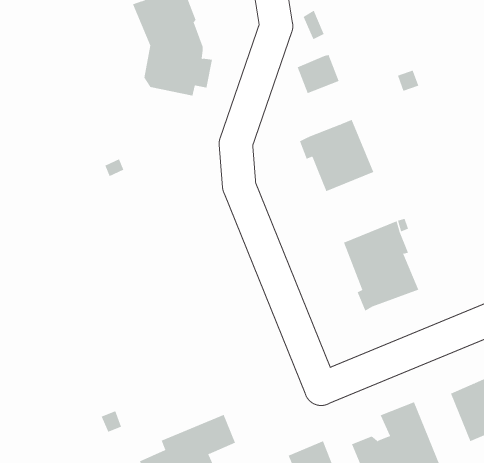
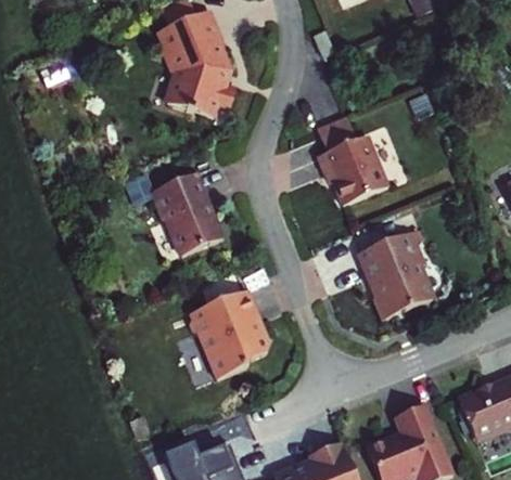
building: [297,55,340,94] -> [316,117,356,154]
building: none -> [153,169,222,252]
building: none -> [188,288,272,379]

